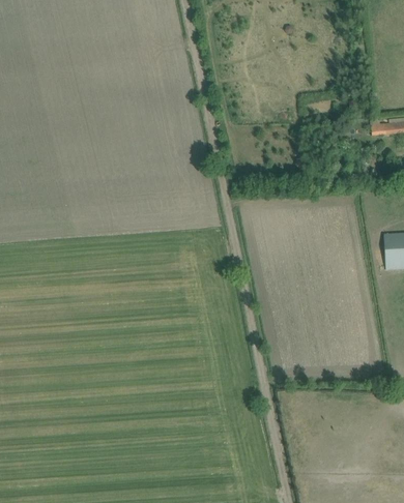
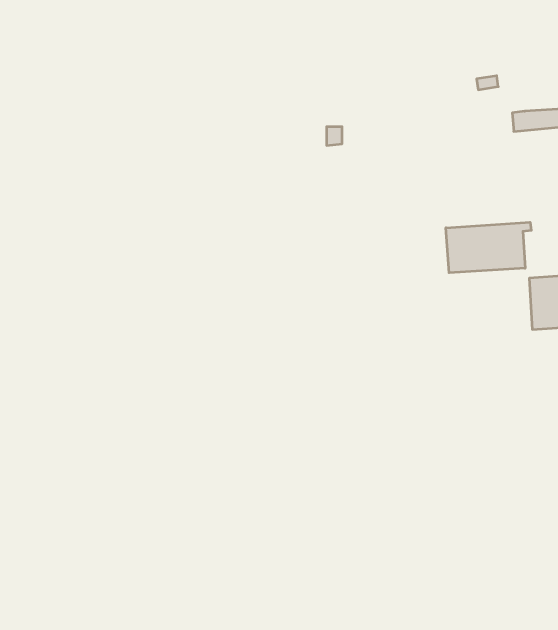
building: none -> [446,222,531,273]

